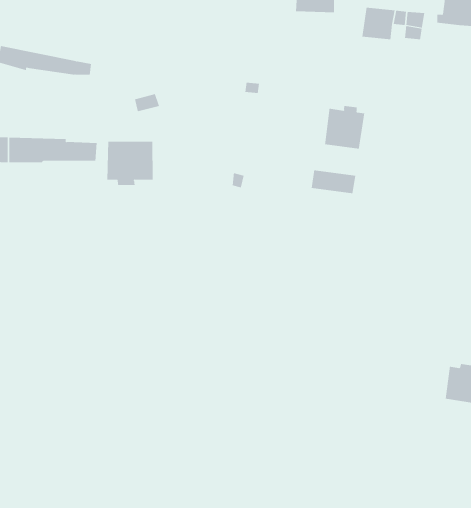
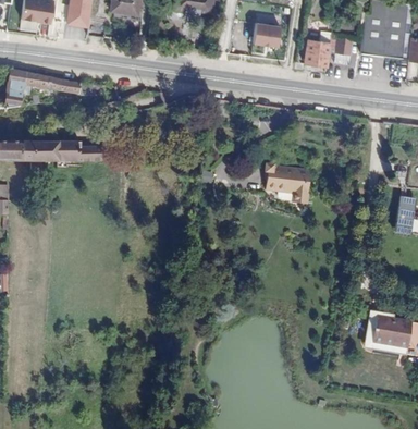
building: [325,105,365,149] -> none
building: [107,141,153,186] -> none

